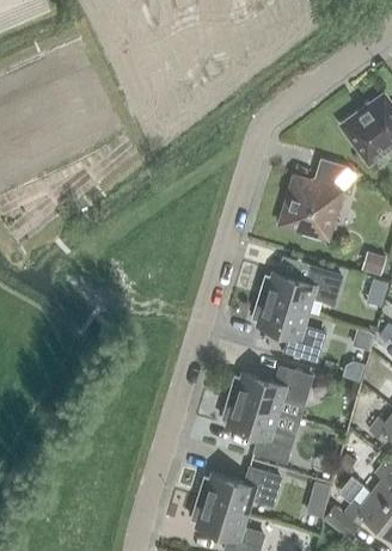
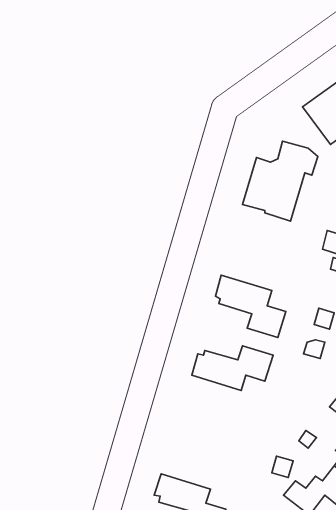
building: [258,267,341,312] -> none
building: [221,398,293,460] -> none
building: [197,469,280,514] -> none

